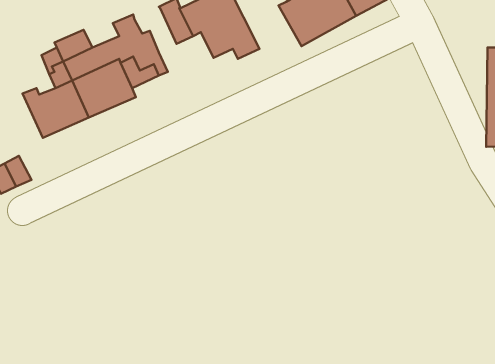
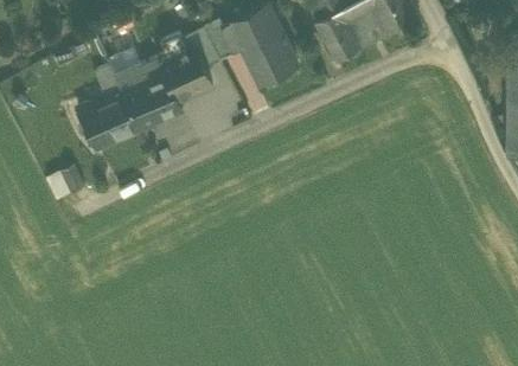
building: none -> [181,28,220,70]

